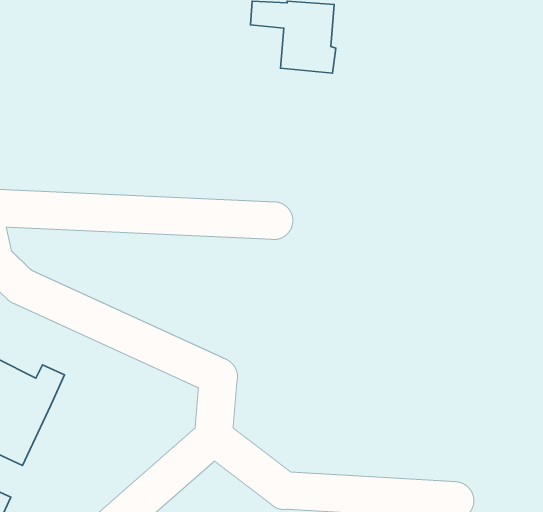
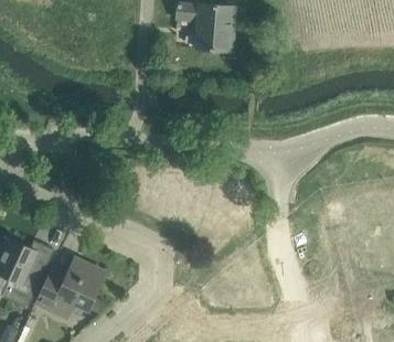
building: none -> [36,259,110,317]

